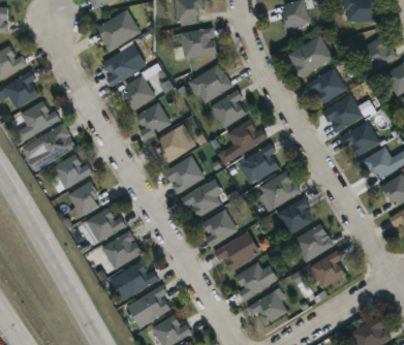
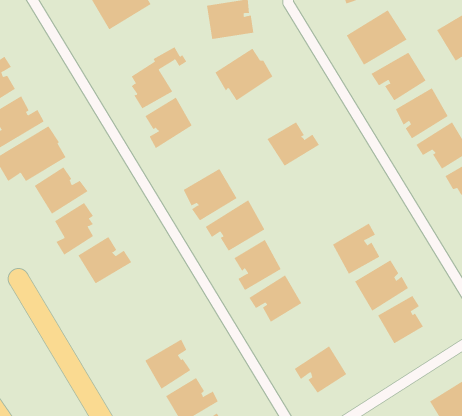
building: [101,42,148,88] -> none
building: [211,89,247,128] -> none
building: [157,128,189,164] -> none
building: [244,143,279,182] -> none
building: [260,169,302,212] -> none
building: [97,230,143,273] -> none
building: [120,261,158,295] -> none
building: [236,262,276,300] -> none

